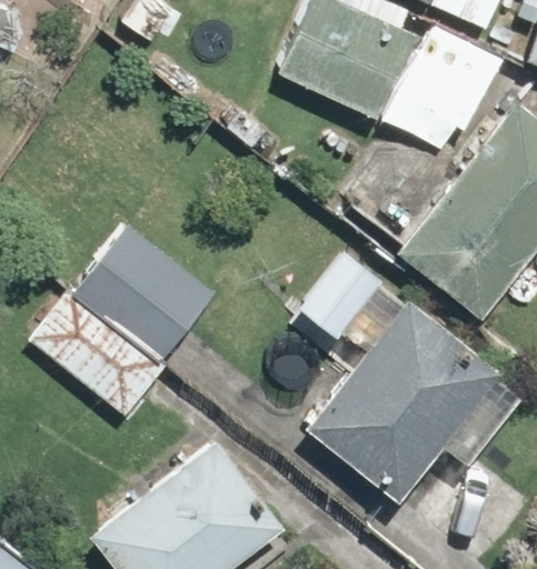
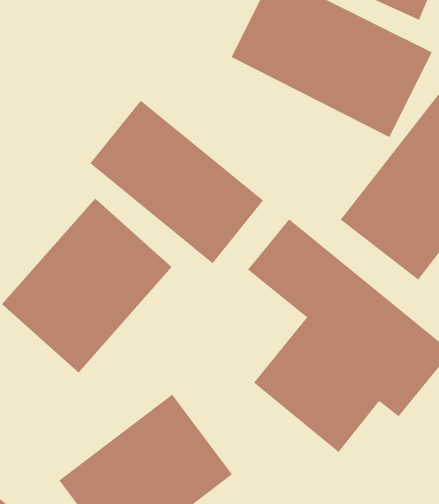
building: none -> [90,100,264,264]

